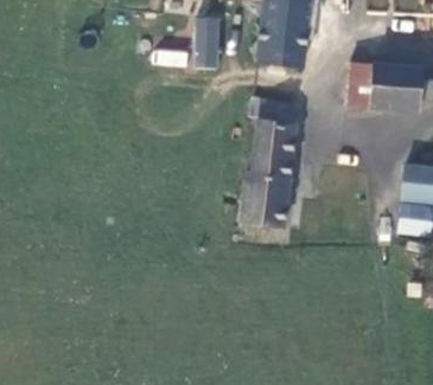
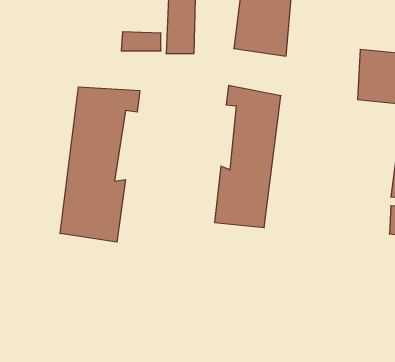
building: [345,62,372,109] -> none
building: none -> [60,87,140,242]

